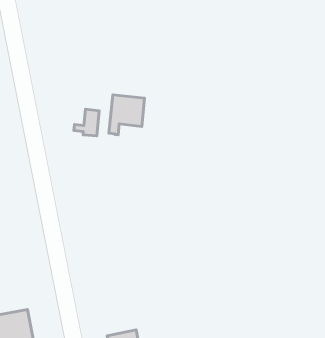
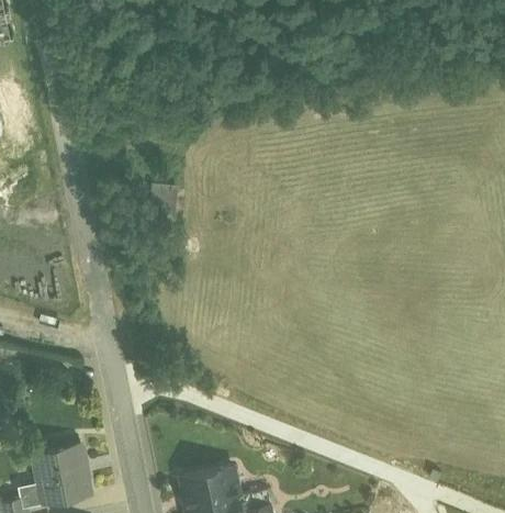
building: [109,95,145,135] -> none

